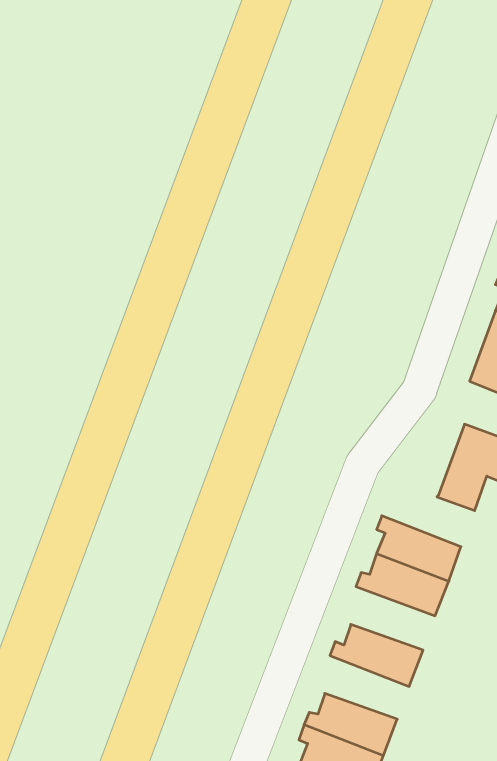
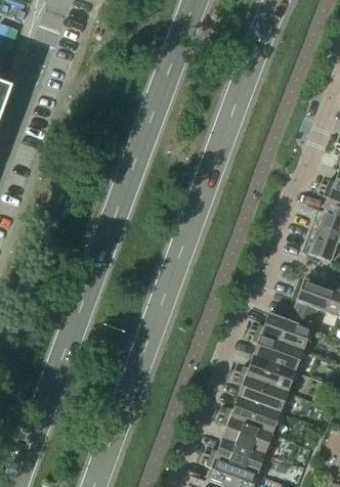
building: none -> [256,313,311,351]
building: none -> [238,374,288,412]
building: none -> [222,415,272,453]

